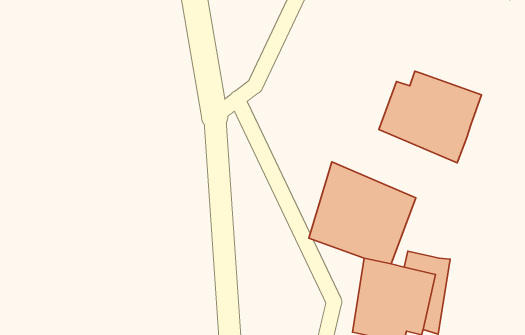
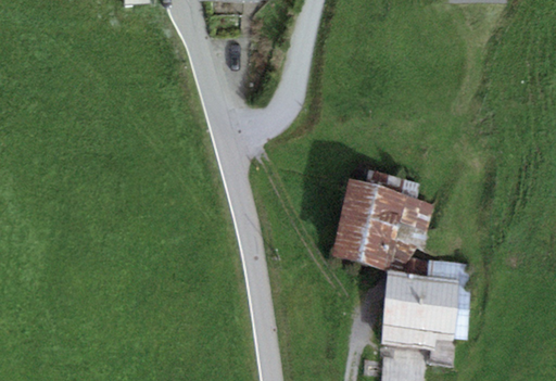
building: [379,71,482,163] -> none

